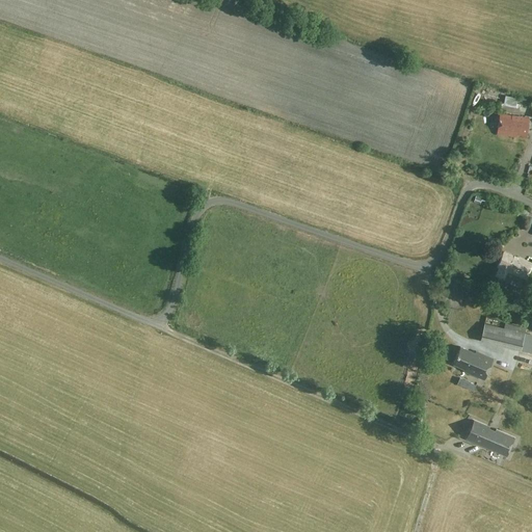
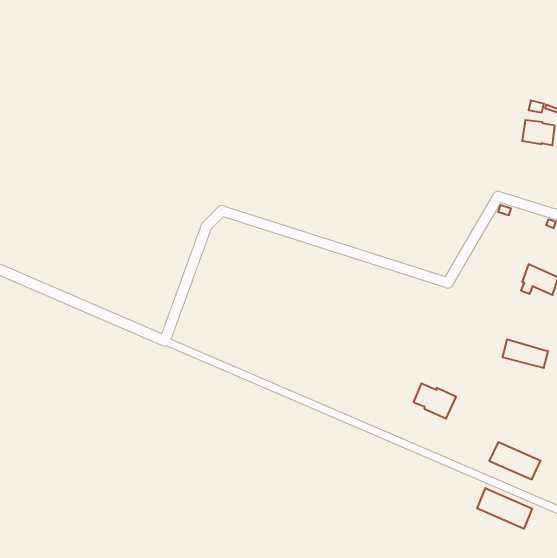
building: [454,347,495,380] -> [414,384,456,419]
building: none -> [477,488,532,529]

